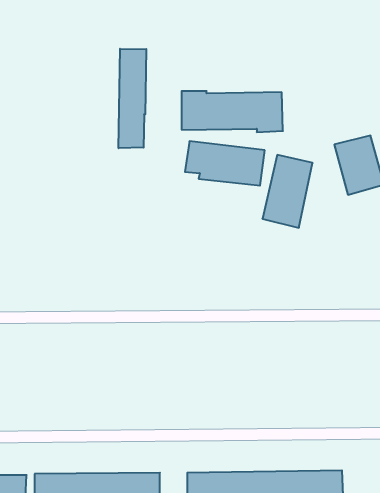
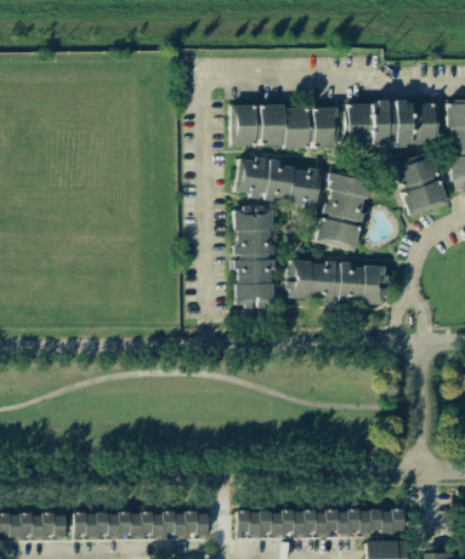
building: [119,49,146,148] -> none
building: none -> [346,102,437,146]
building: none -> [234,207,273,308]
building: none -> [287,262,386,303]

